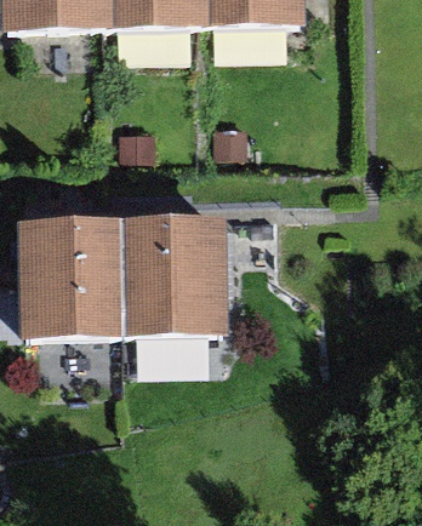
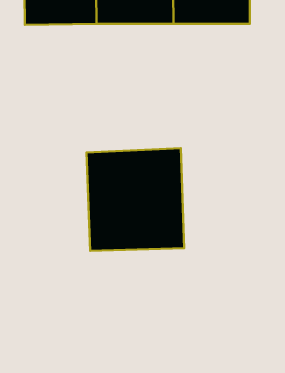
building: [25,215,135,351] -> none

